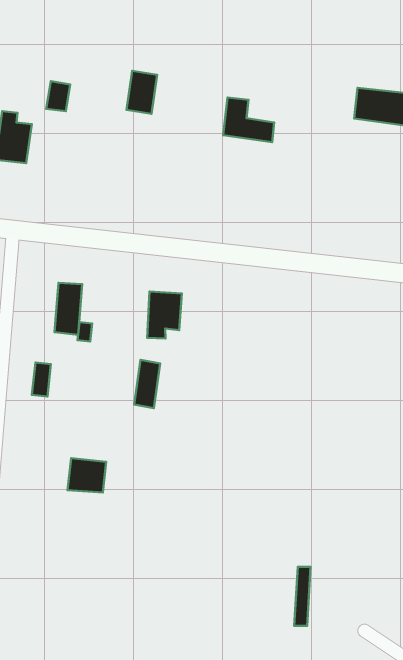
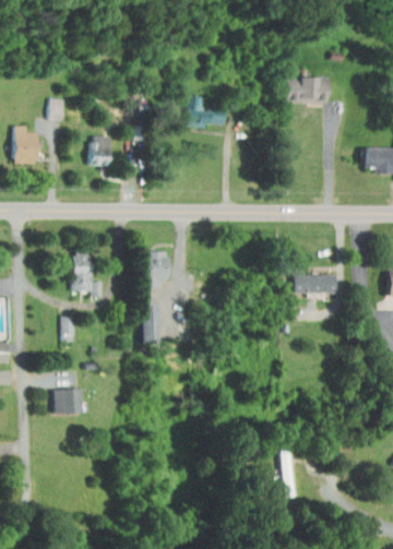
building: [126,71,157,114] -> [90,134,110,166]
building: none -> [293,274,335,293]
building: [68,458,106,493] -> [53,389,81,414]

